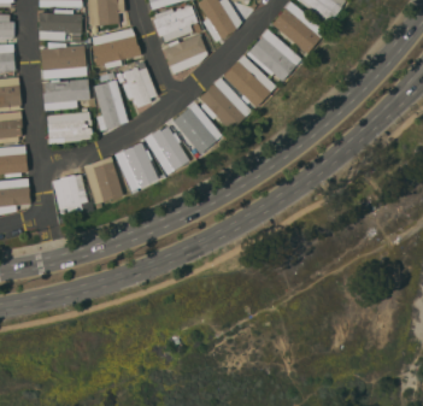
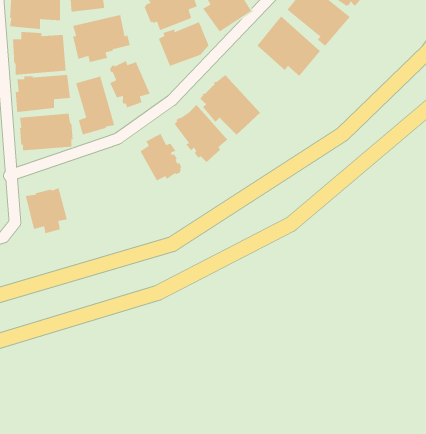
building: [224,55,275,107] -> none
building: [118,142,155,190] -> none
building: [83,155,123,204] -> none

